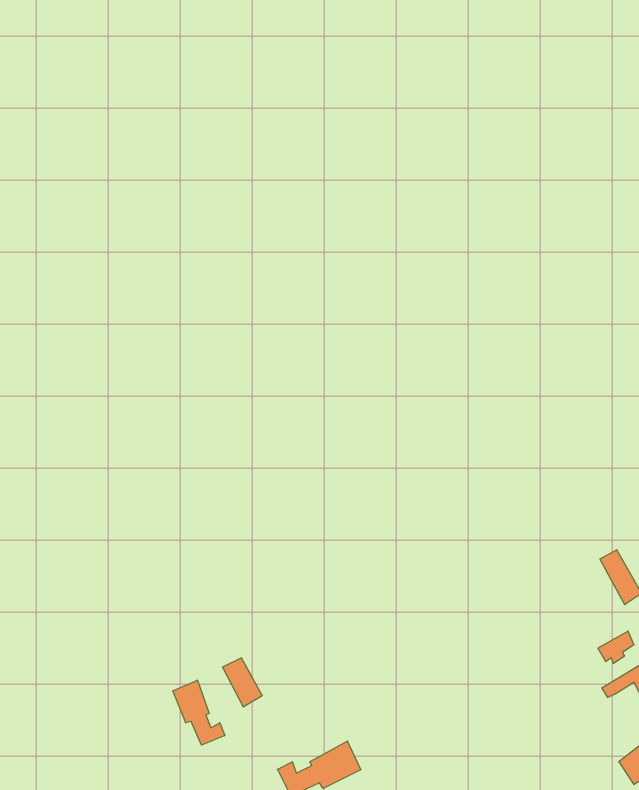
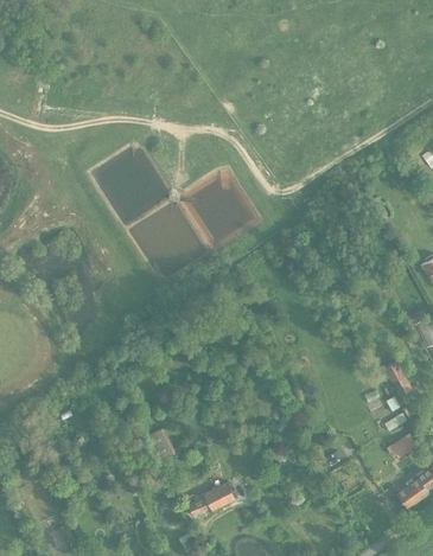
building: [173,680,225,745] -> none

